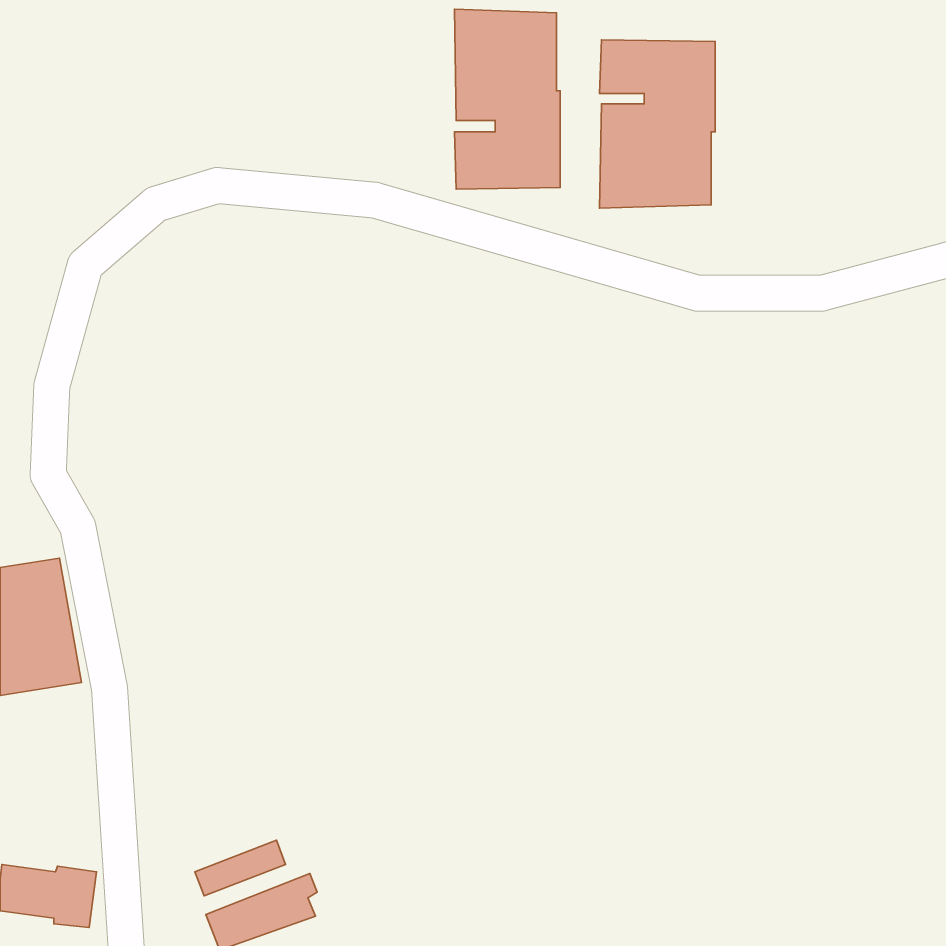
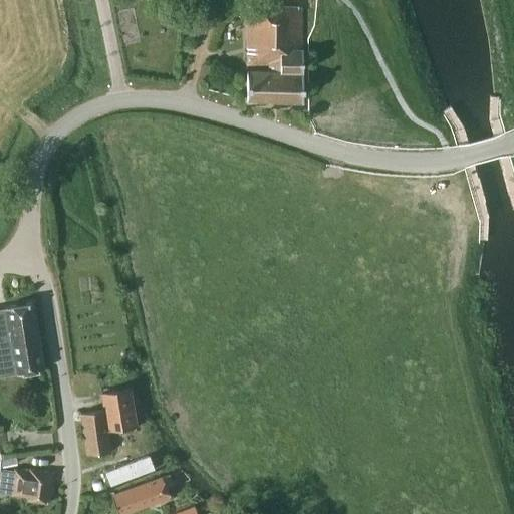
building: [599,40,715,208] -> none
building: none -> [81,391,137,455]

